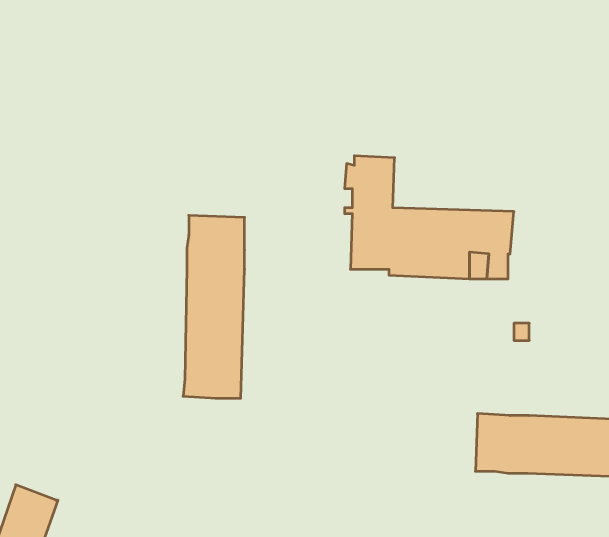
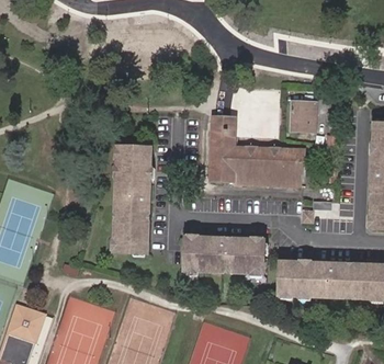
building: none -> [291,100,316,129]
building: none -> [189,238,263,273]

